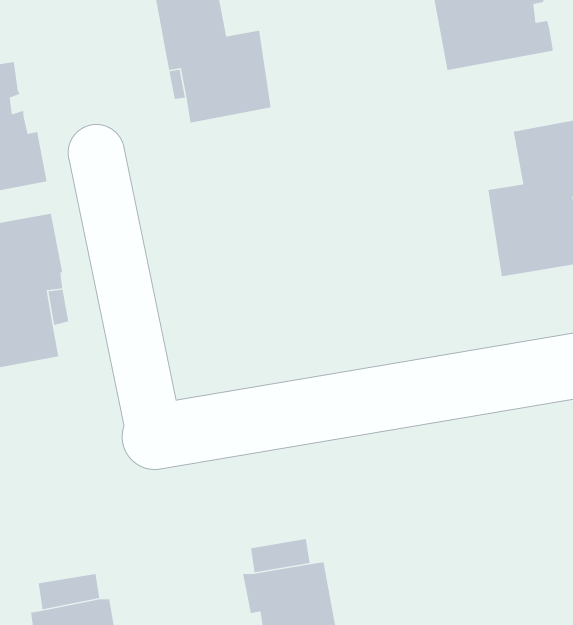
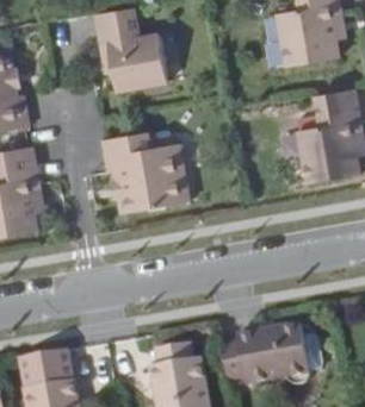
building: none -> [105,133,188,214]
building: none -> [221,325,322,387]

